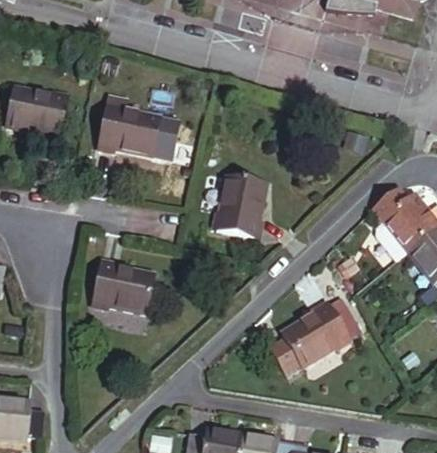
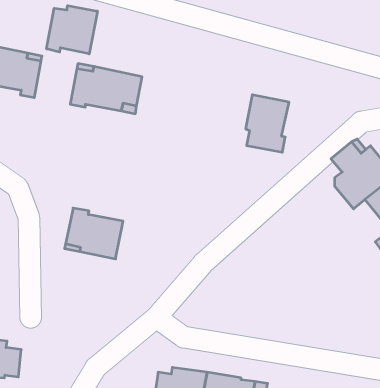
building: none -> [47,6,97,54]
building: [219,174,265,235] -> [246,95,289,152]
building: [269,300,351,371] -> none

